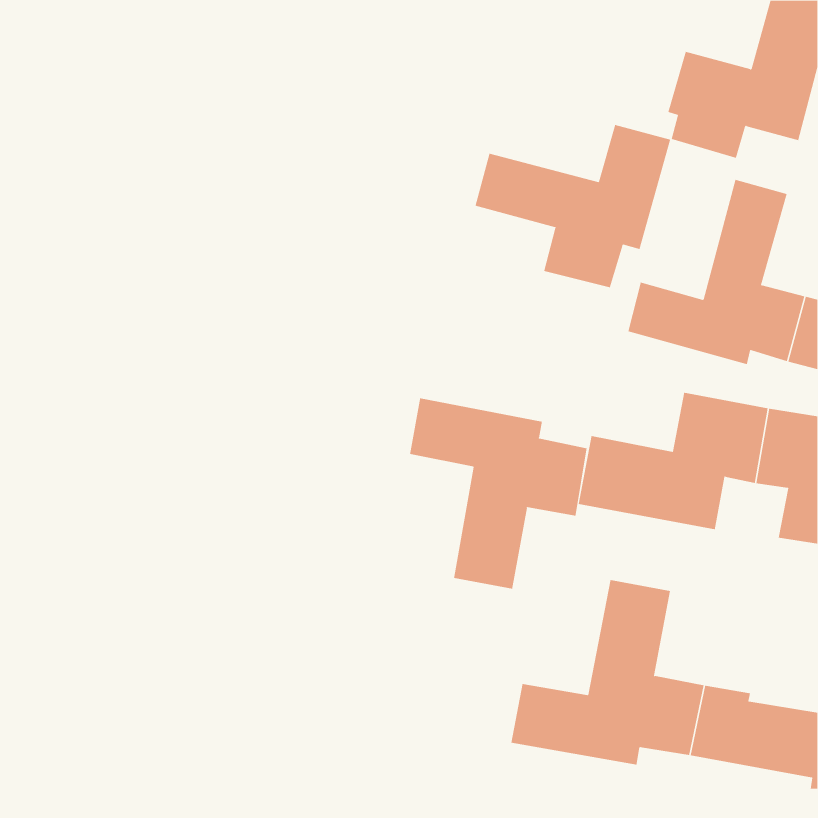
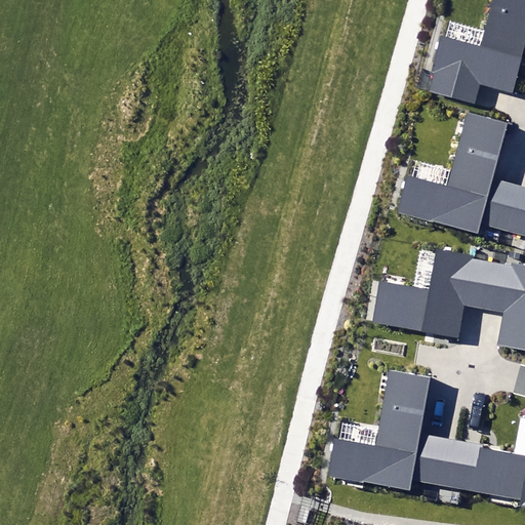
building: [475,124,671,288] -> none
building: [410,397,587,590] -> none

